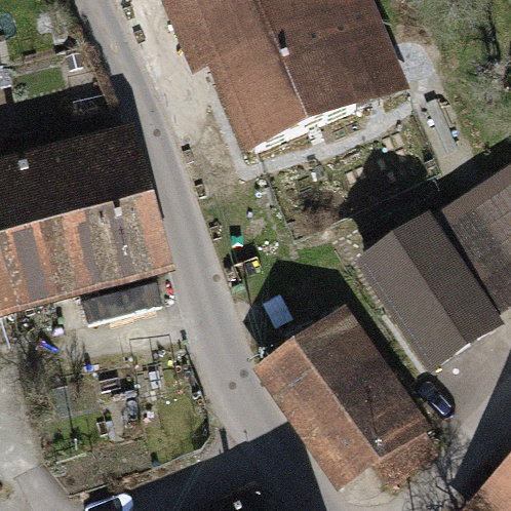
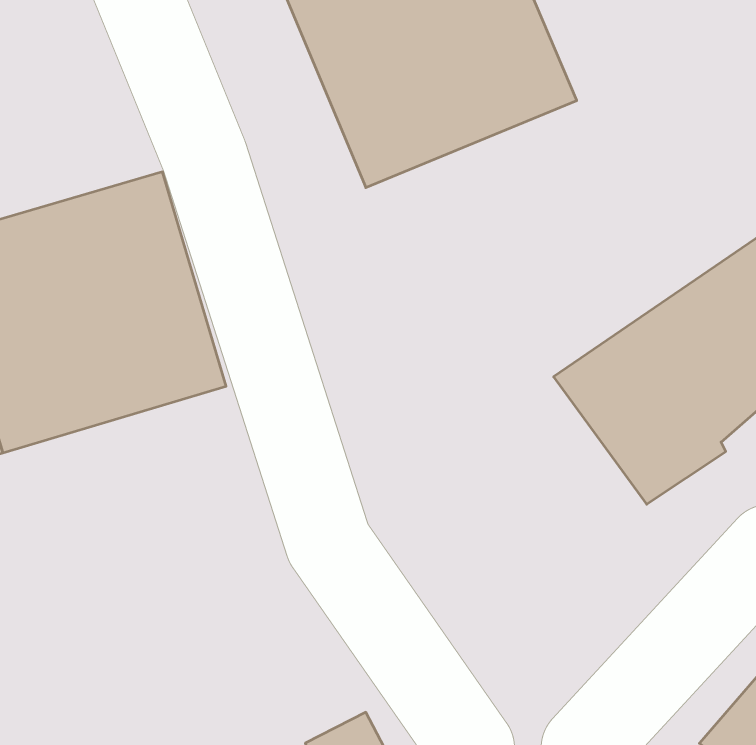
building: [253,307,435,488] -> none

